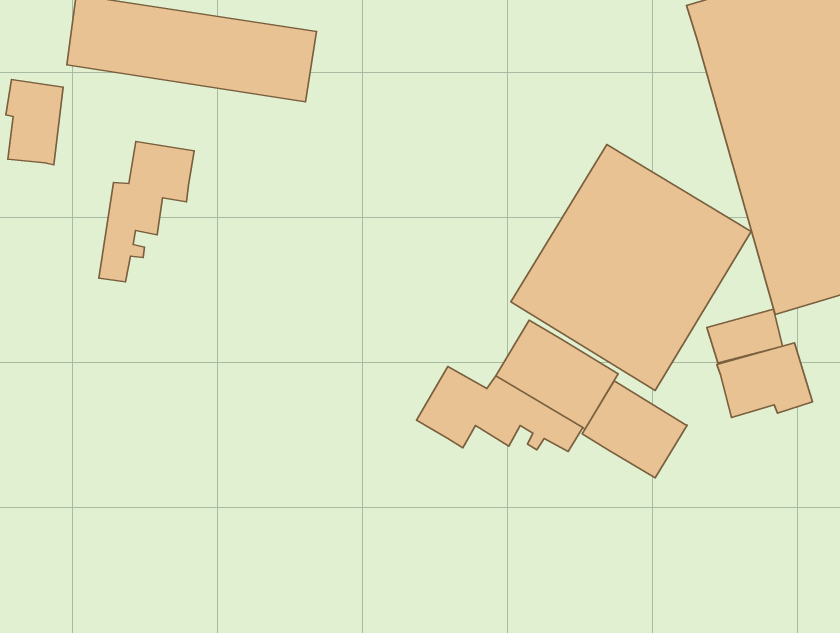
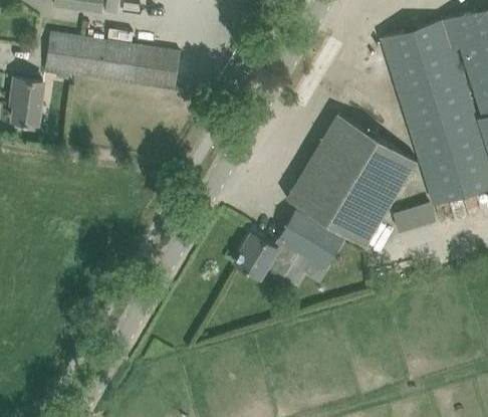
building: [99,142,194,282] -> none
building: [717,343,812,417] -> none
building: [582,381,687,478] -> none

